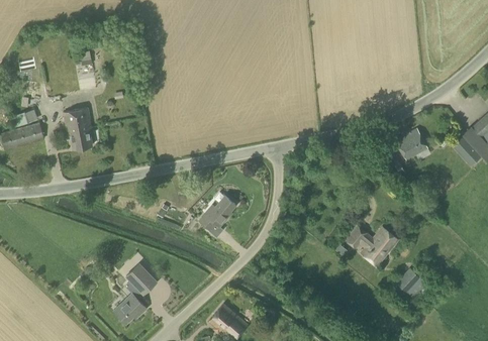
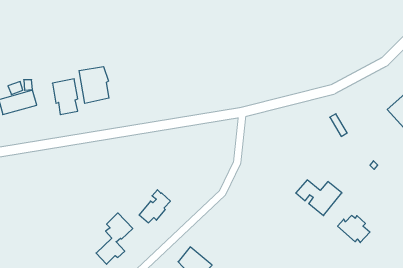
building: none -> [79,67,109,103]
building: [395,129,427,160] -> none
building: [199,192,235,230] -> [139,190,170,223]

